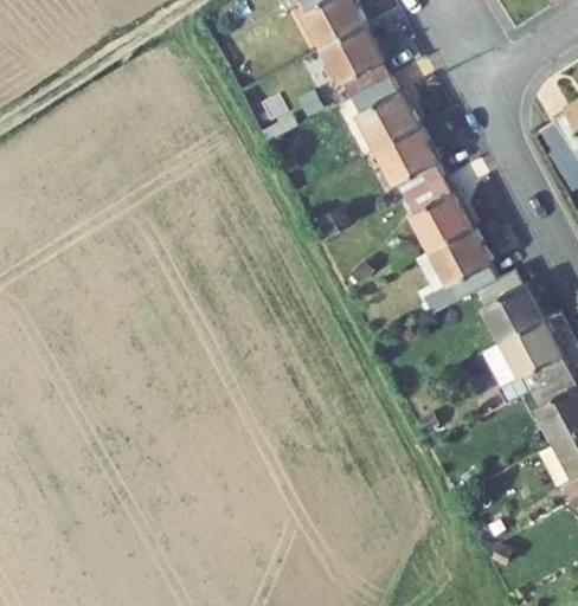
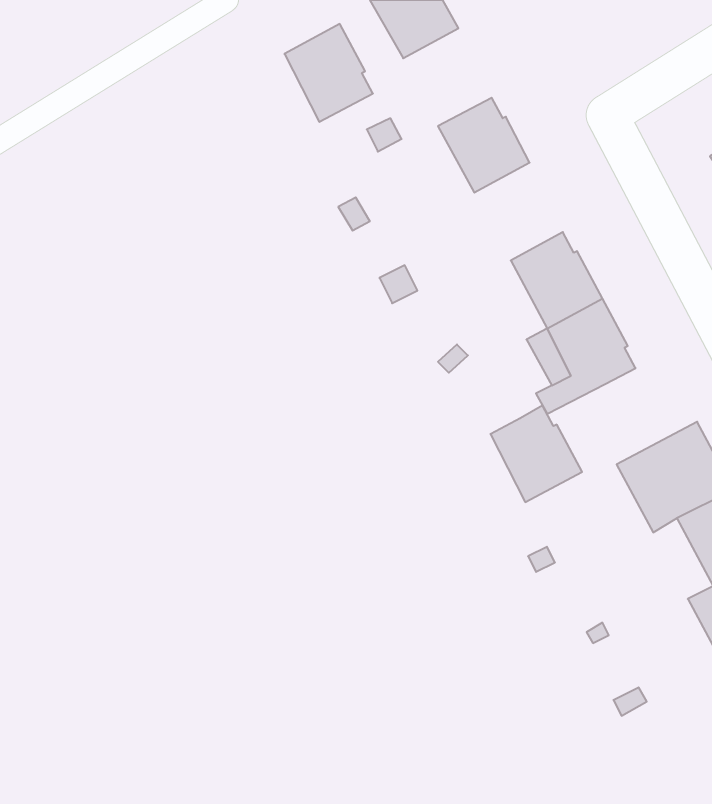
building: [323,24,390,97] -> [284,24,373,122]
building: [377,124,443,198] -> none
building: [475,269,544,341] -> [490,406,582,502]

